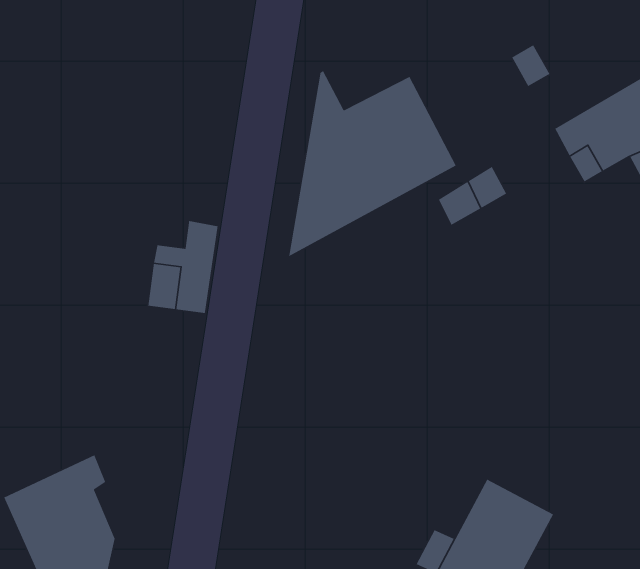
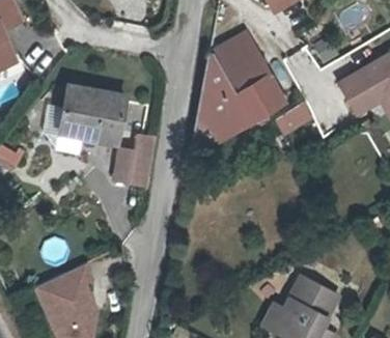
building: none -> [213,33,260,73]
building: none -> [60,87,126,142]

